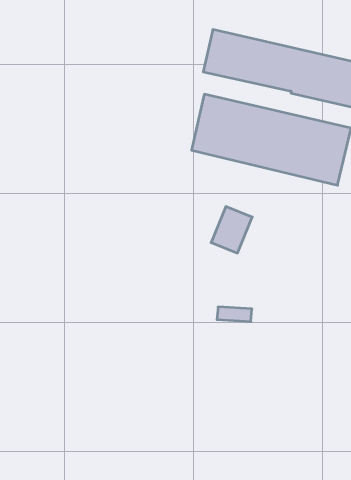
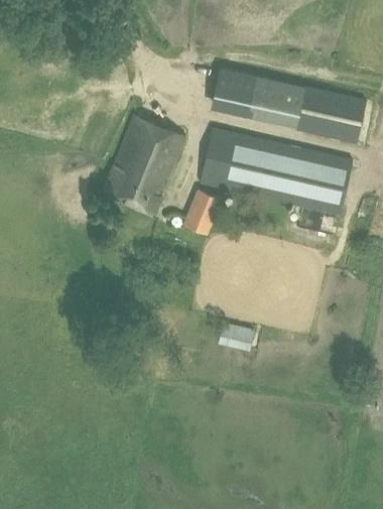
building: none -> [104,115,185,212]
building: [211,207,252,253] -> [182,189,222,234]

